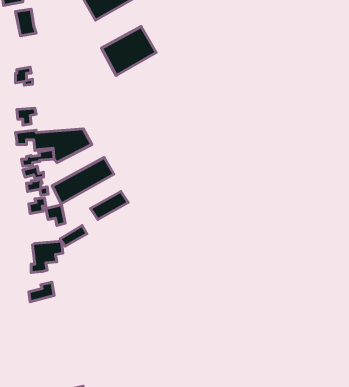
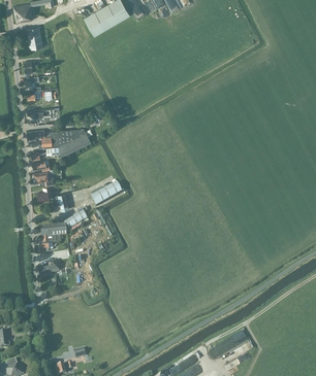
building: [101,26,156,75] -> none
building: [52,157,114,204] -> none

